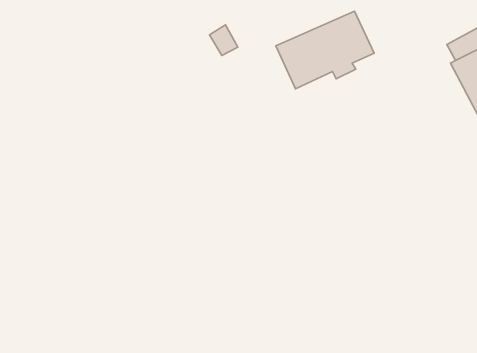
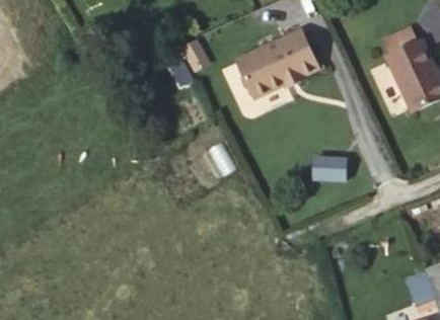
building: none -> [318,156,353,182]

